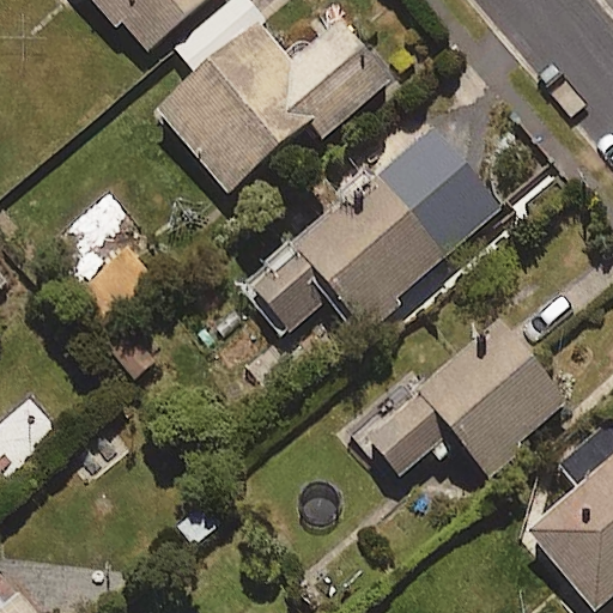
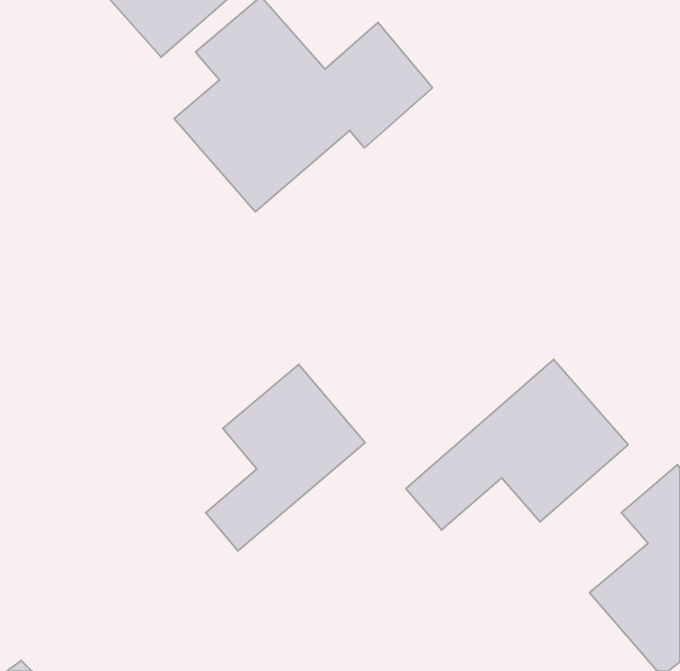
building: [251,129,500,329] -> none
building: none -> [206,364,365,551]

